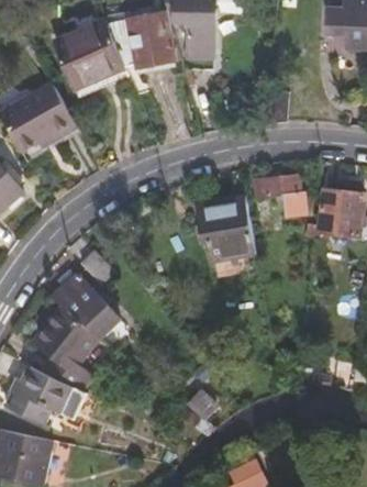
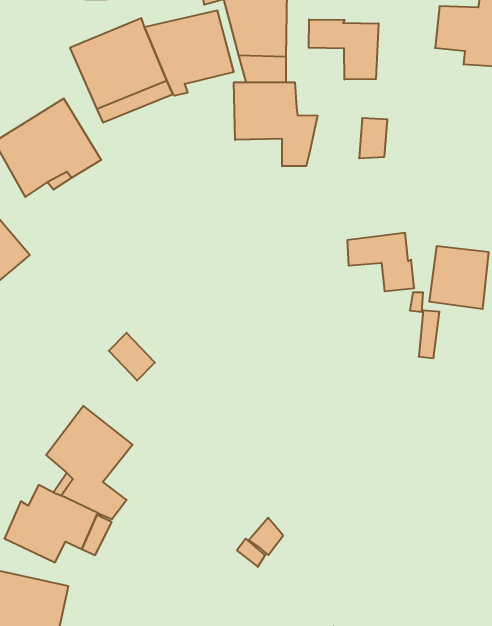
building: none -> [309,19,379,80]
building: none -> [234,82,318,166]
building: [197,191,256,254] -> none
building: [58,275,127,342] -> none

